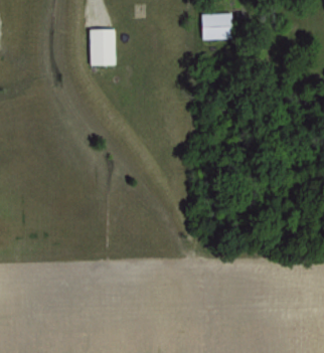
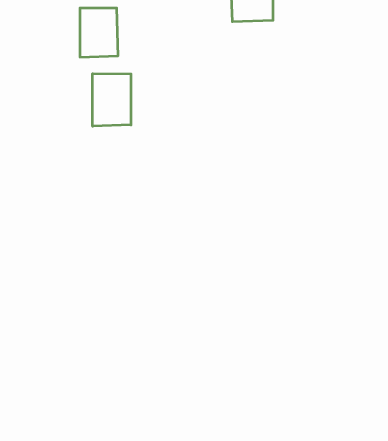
building: none -> [93,74,131,126]

